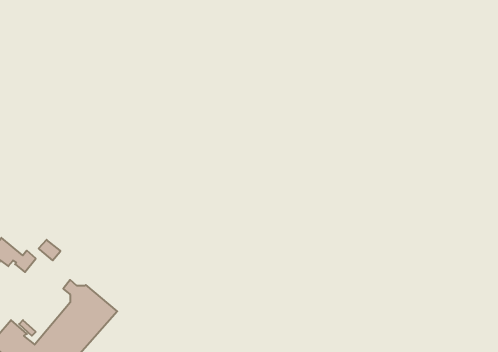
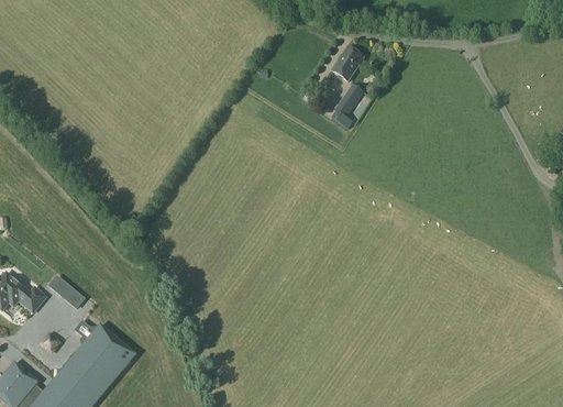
building: none -> [332,47,363,80]
building: none -> [330,82,364,130]

